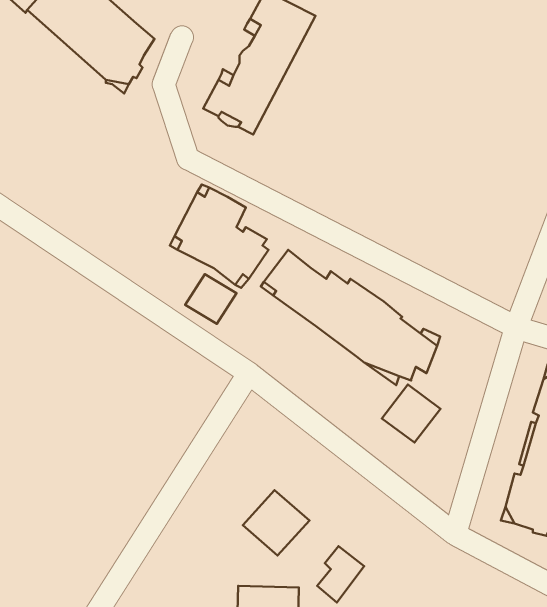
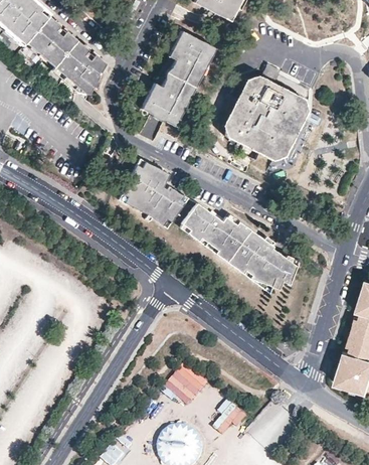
building: none -> [224,63,310,160]
building: [185,274,236,324] -> none
building: [382,385,441,442] -> none

